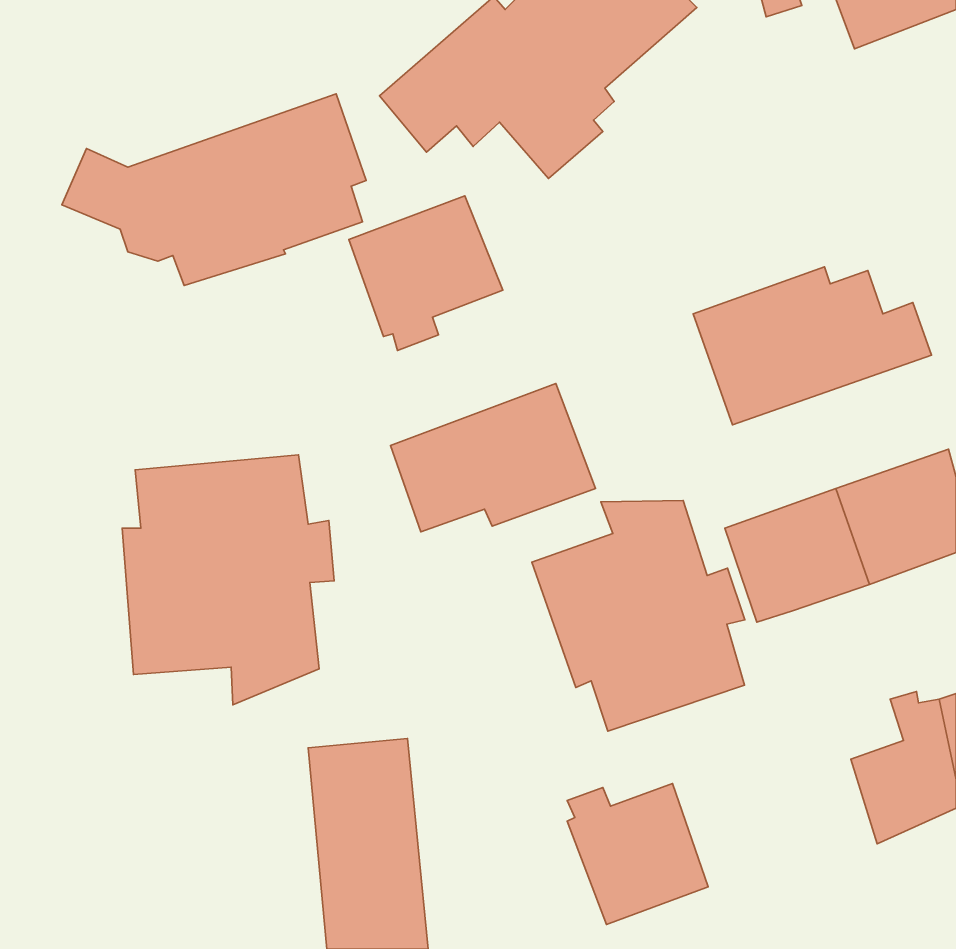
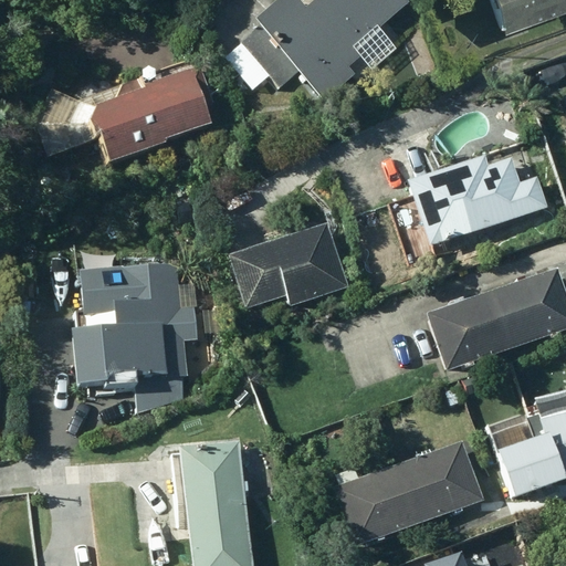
building: [349,196,503,350] -> none
building: [532,500,745,731] -> none
building: none -> [396,437,484,522]

